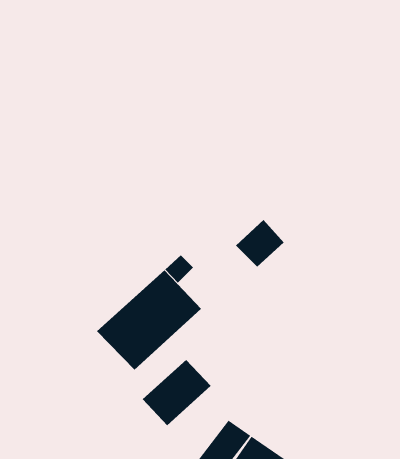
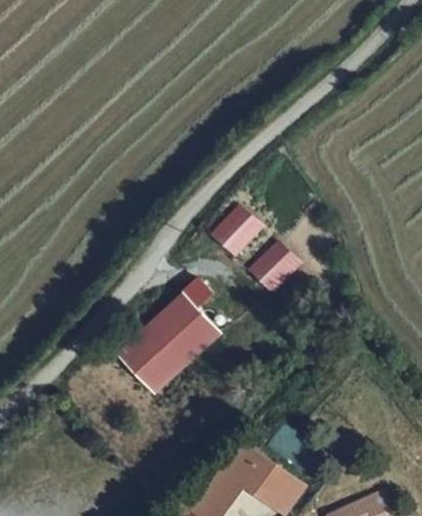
building: none -> [209,206,261,256]
building: [142,359,211,426] -> none

